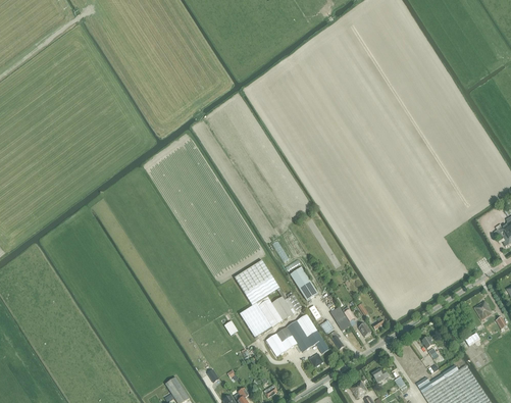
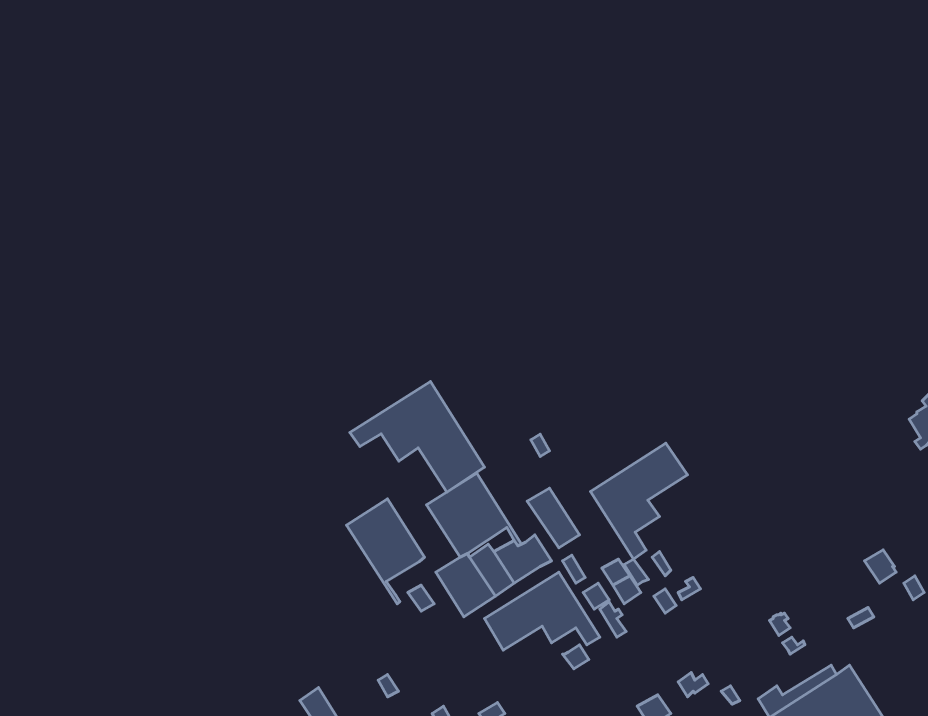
building: none -> [350,382,485,492]
building: none -> [590,443,687,559]
building: none -> [346,499,425,604]

